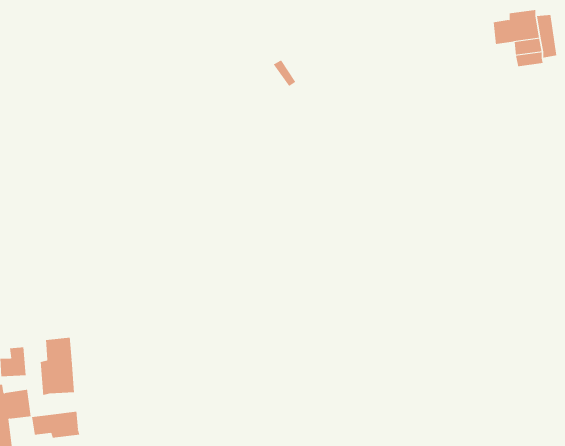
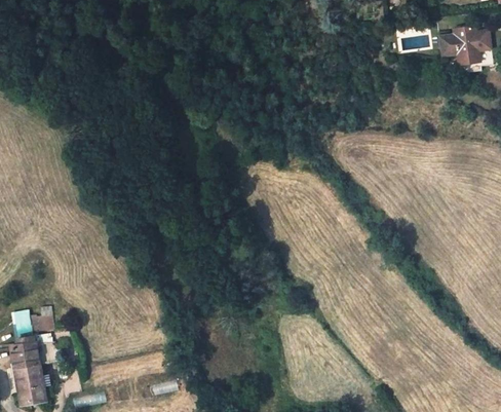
building: [40,337,75,396] -> none
building: [32,411,80,439] -> none

